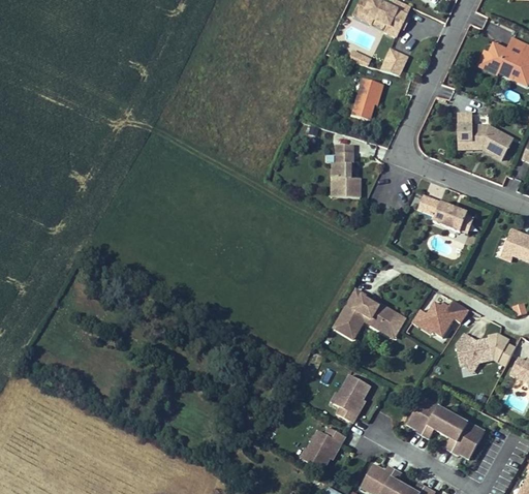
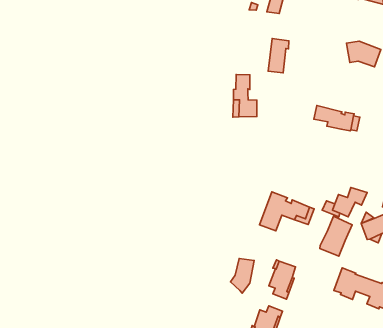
building: [352,79,383,122] -> [268,39,289,73]
building: [461,113,475,141] -> none
building: none -> [320,216,352,256]
building: none -> [230,258,254,293]

